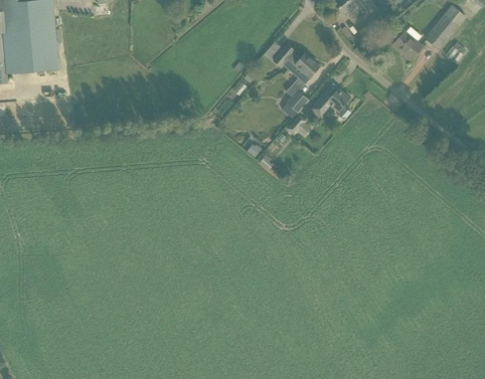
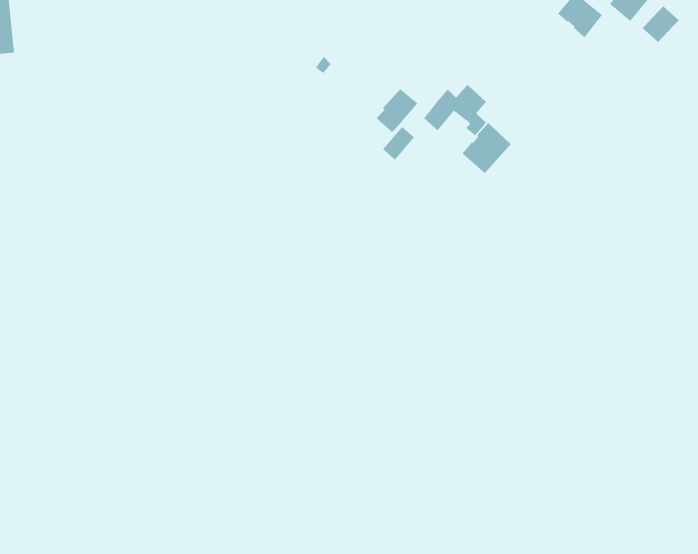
building: [274,44,319,83] -> none
building: none -> [462,122,512,174]

